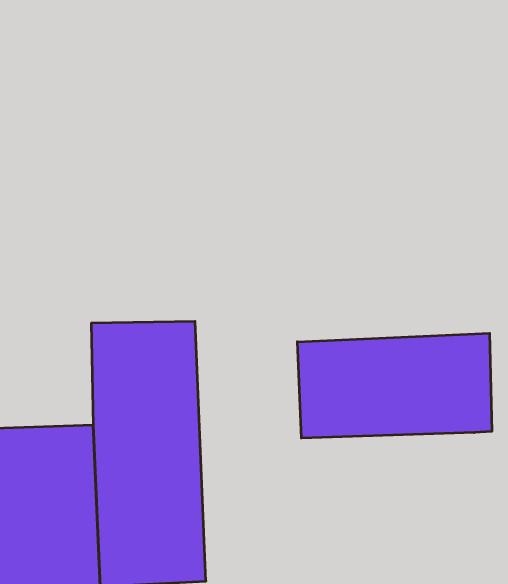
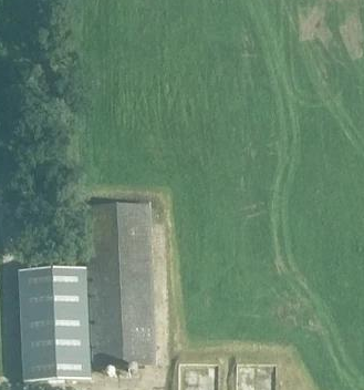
building: [297,333,492,438] -> none

